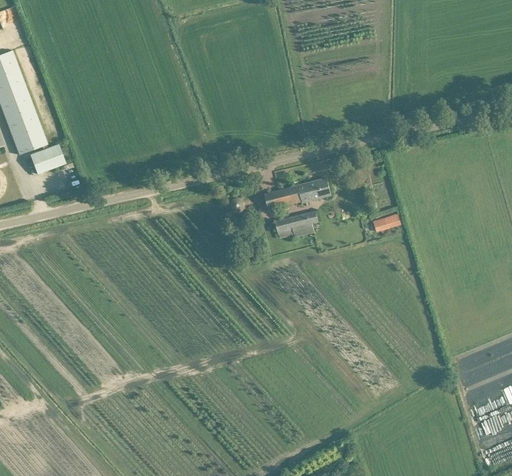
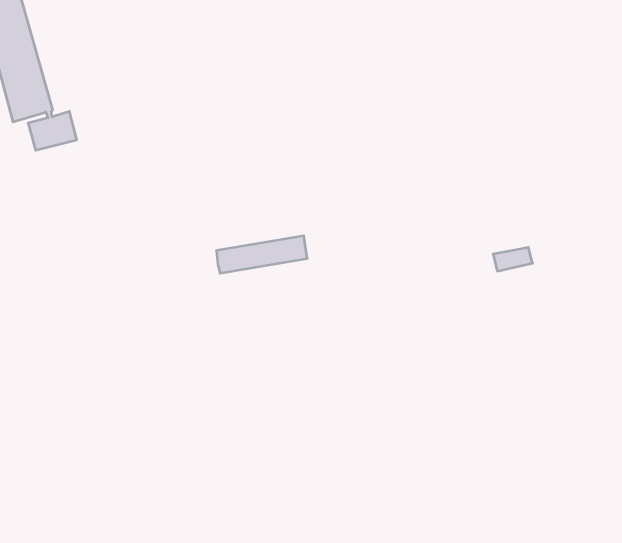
building: [265,177,331,209] -> [216,236,307,273]
building: [275,210,318,236] -> none

